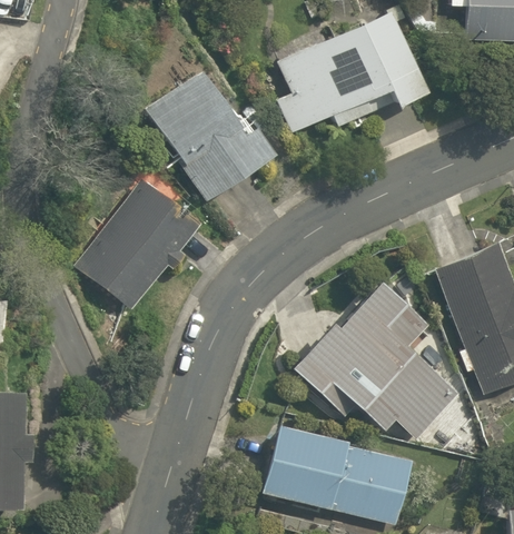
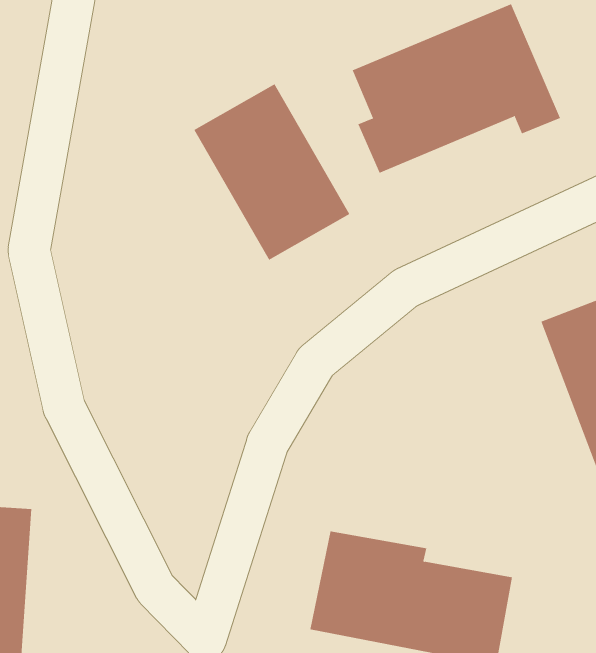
building: [75,181,204,309] -> none
building: [273,266,452,436] -> none

